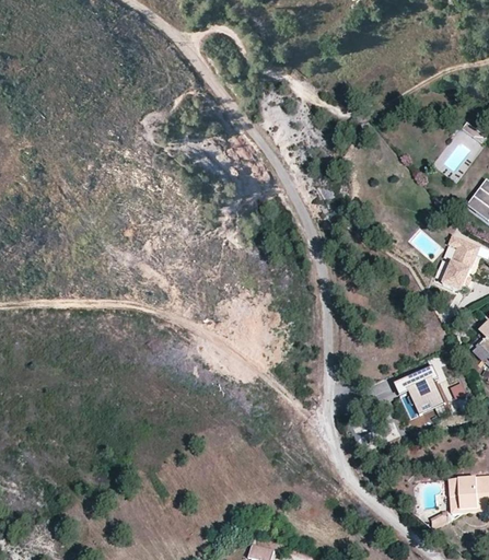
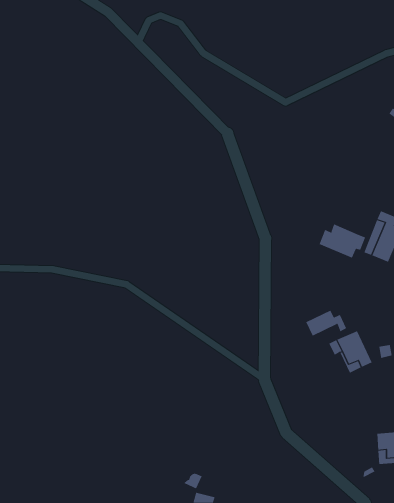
building: none -> [319,224,366,258]
building: none -> [306,310,347,336]

